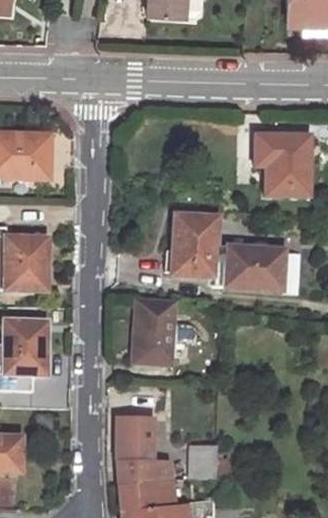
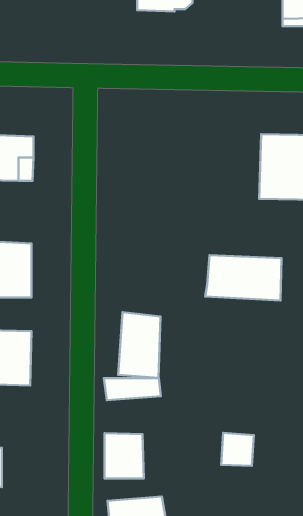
building: [172,213,219,276] -> none
building: [186,446,218,478] -> [221,433,254,466]
building: [116,461,171,483] -> [104,378,161,400]

